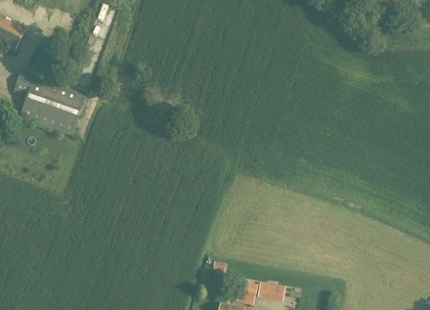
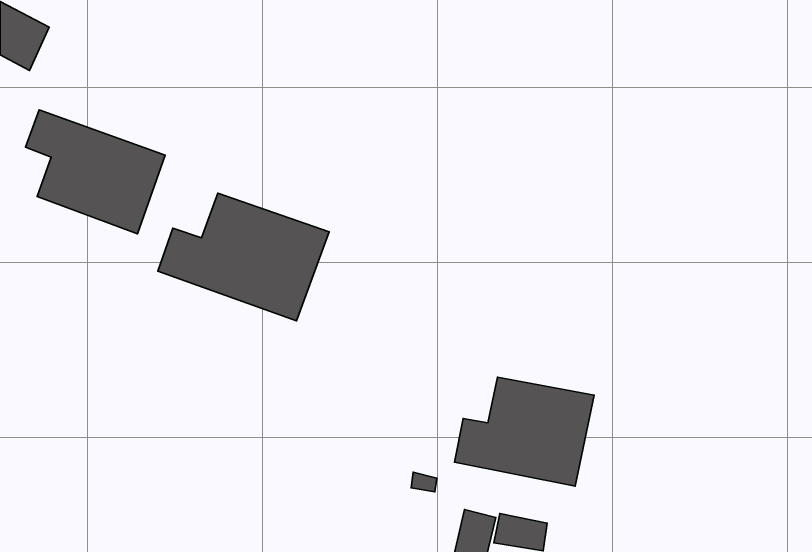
building: none -> [158,193,329,321]
building: none -> [455,377,594,486]

